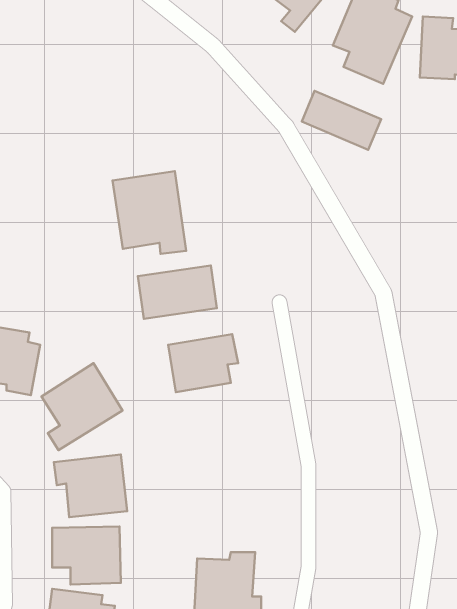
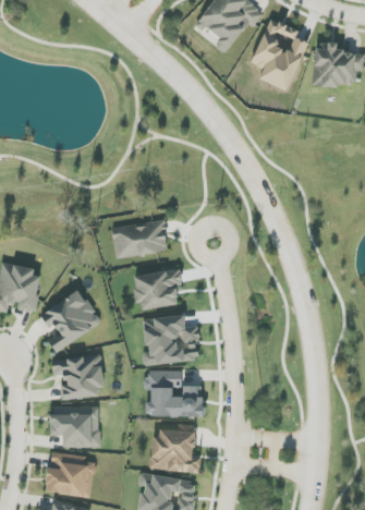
building: [302,91,381,150] -> none
building: [113,171,186,254] -> none
building: none -> [142,313,199,365]
building: none -> [145,369,202,415]

